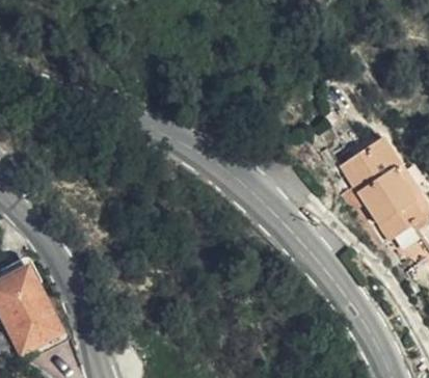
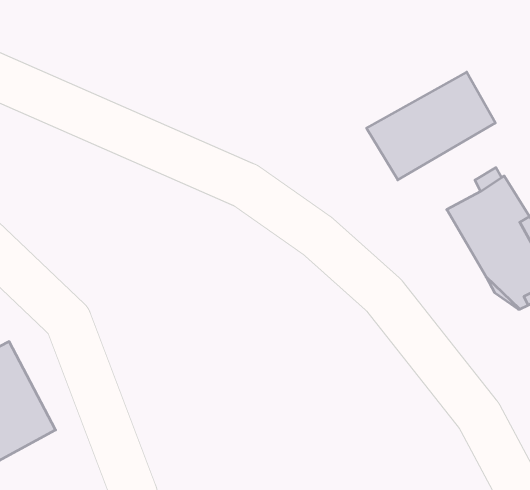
building: none -> [367,72,495,180]

